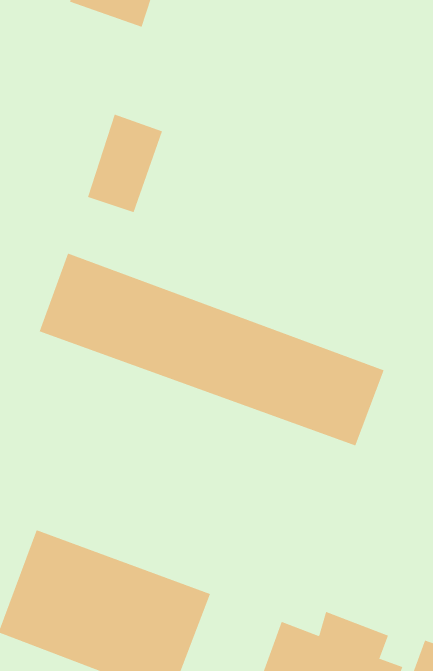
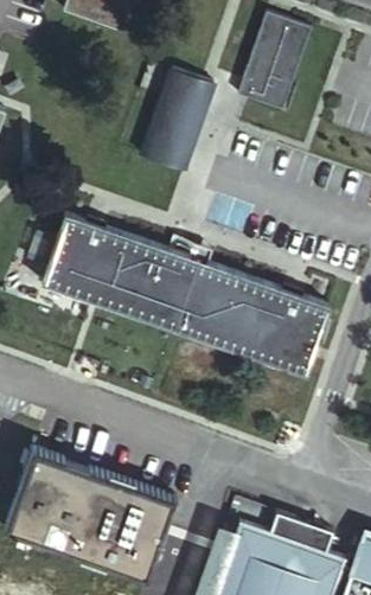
building: none -> [241,17,312,114]
building: [87,114,163,213] -> [149,70,212,152]

